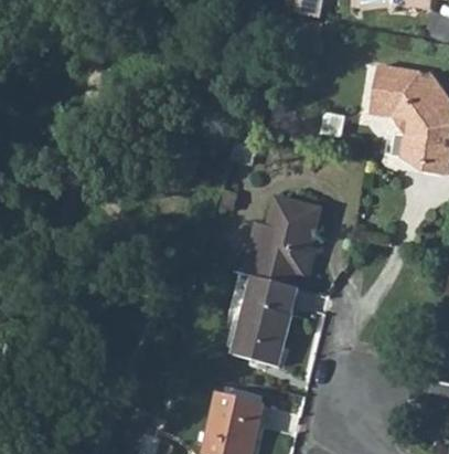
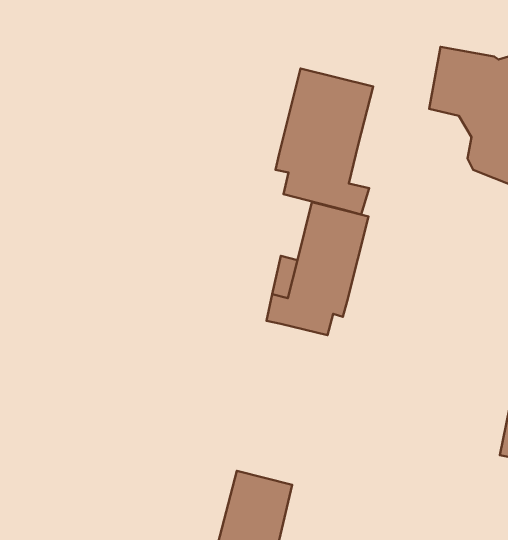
building: none -> [276,68,373,215]
building: [234,278,295,368] -> none

